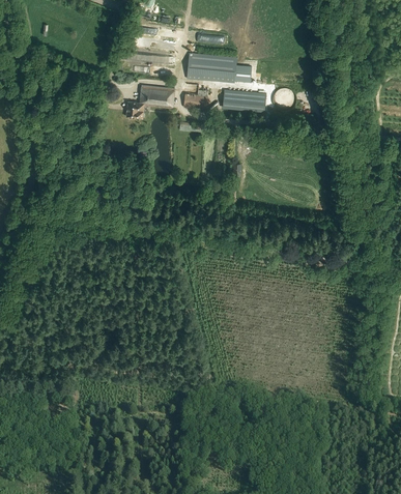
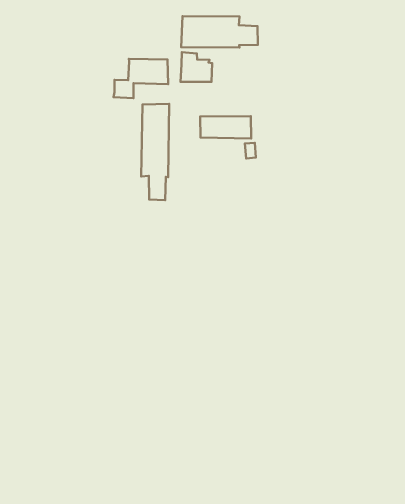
building: [223,90,266,112] -> [200,116,251,138]
building: none -> [141,104,169,200]

